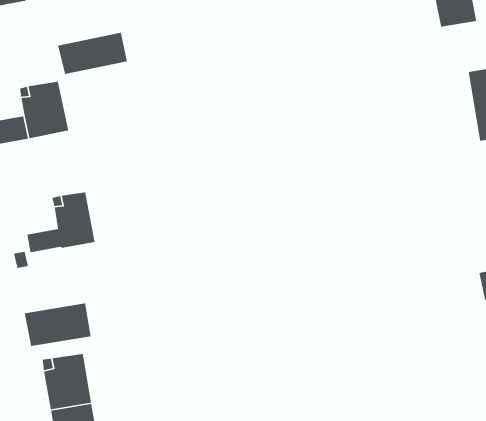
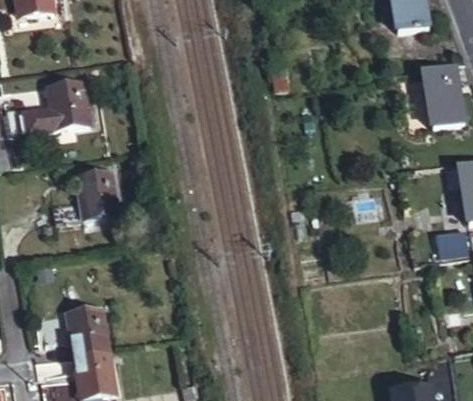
building: [57,32,128,75] -> none
building: [24,303,91,347] -> none

